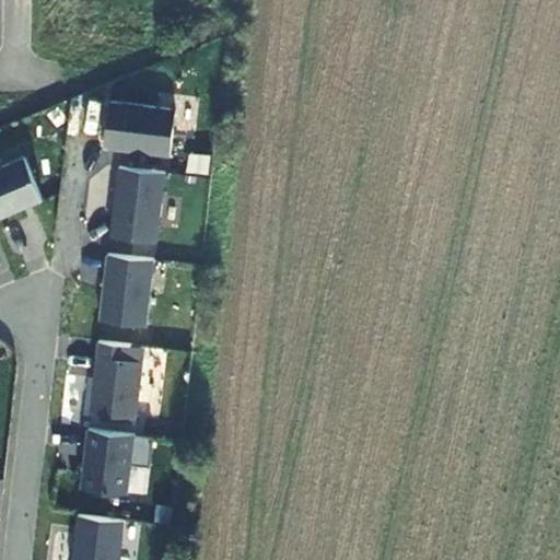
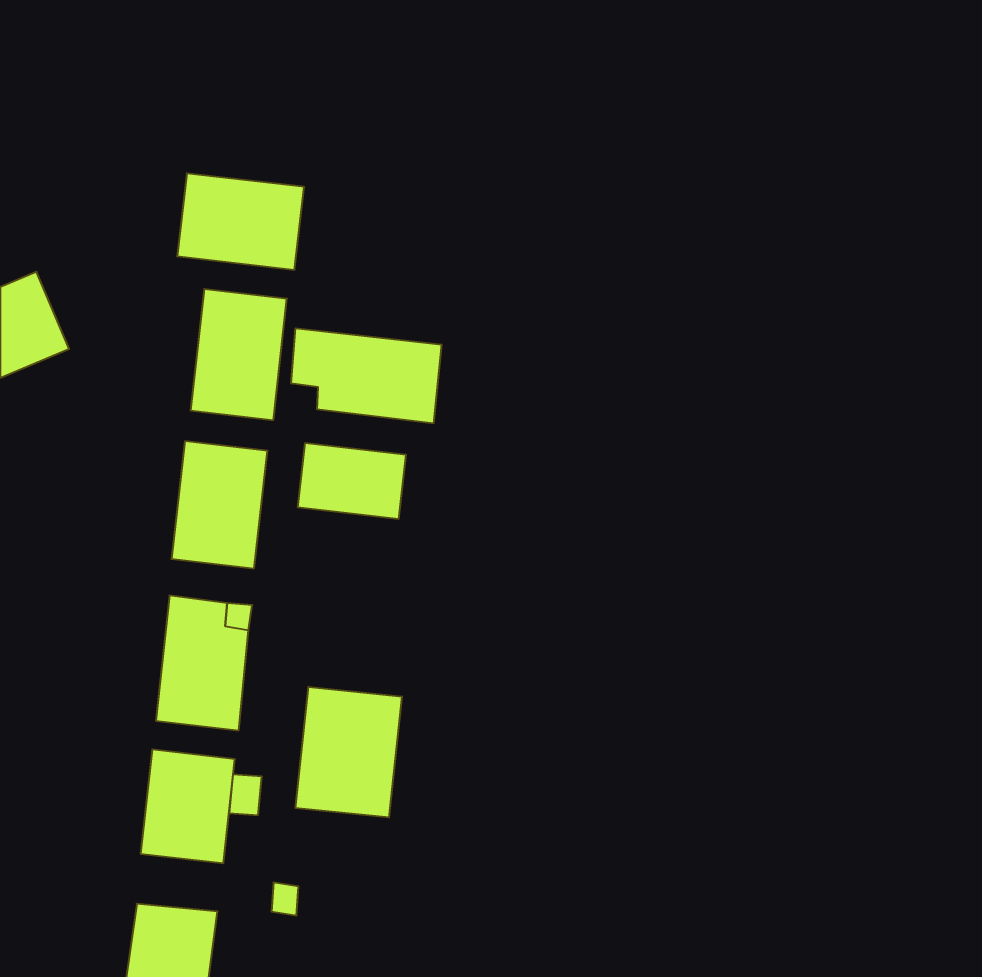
building: none -> [291,328,442,423]
building: none -> [298,443,406,519]
building: none -> [295,687,402,818]

